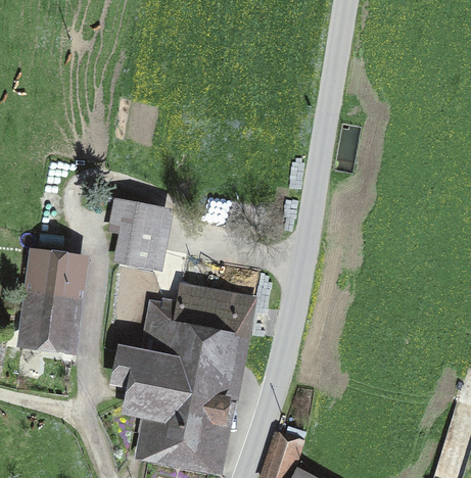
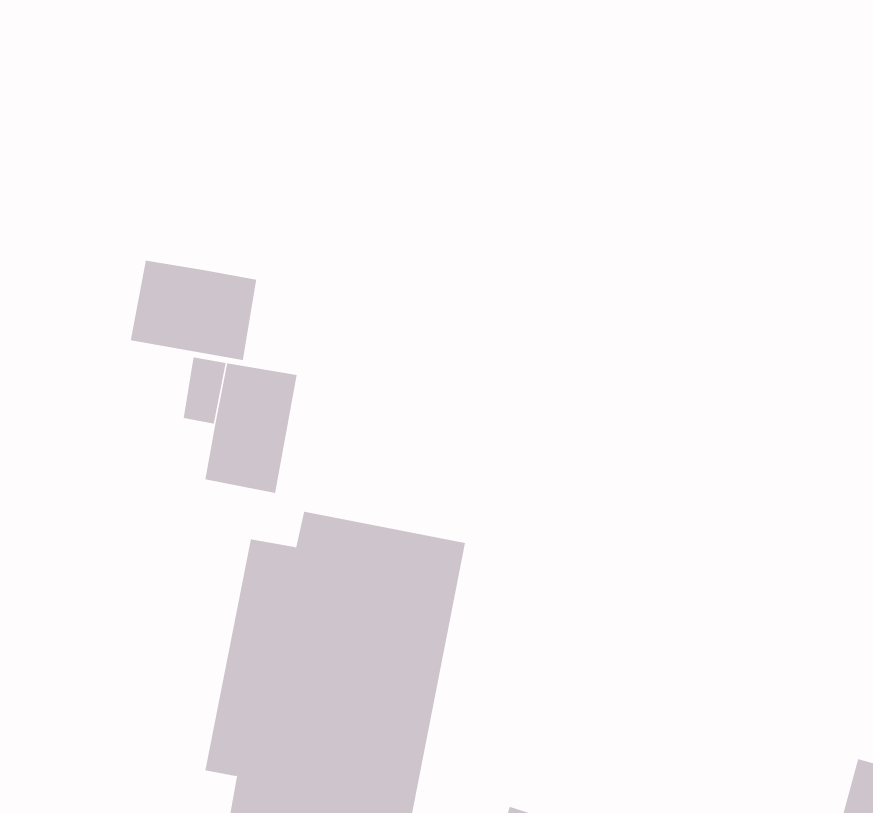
building: none -> [130,260,257,361]
building: [18,251,82,350] -> none

